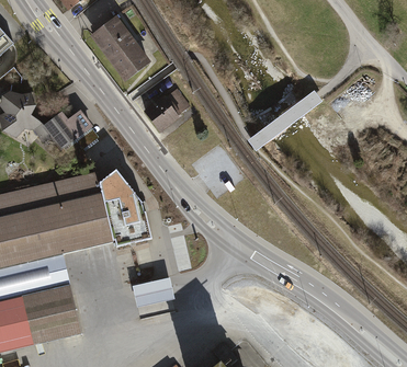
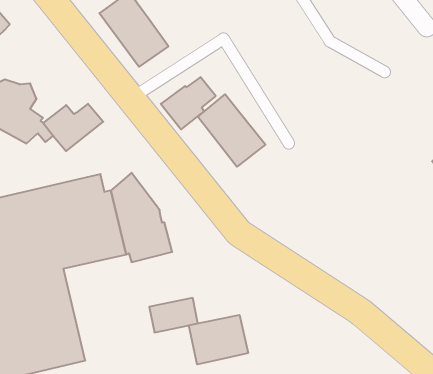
building: none -> [198,94,265,167]
building: none -> [189,315,248,364]

